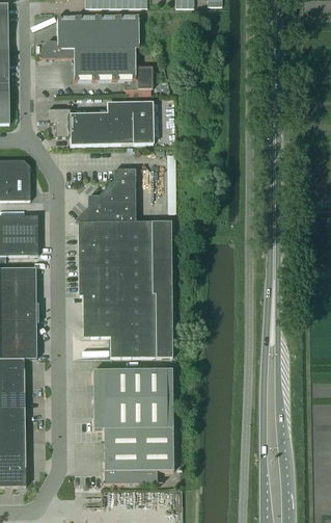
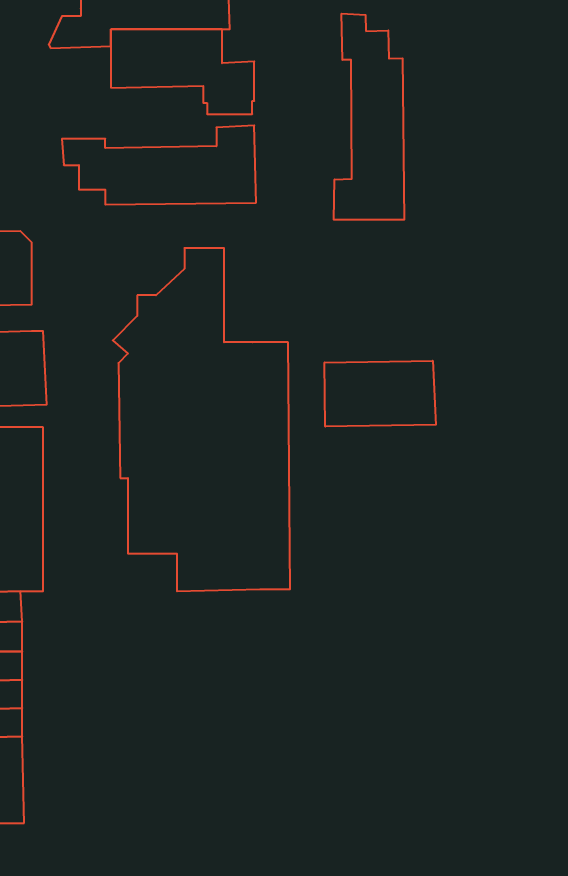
building: none -> [334,14,404,220]
building: none -> [325,361,436,427]
building: [92,368,172,482] -> none

